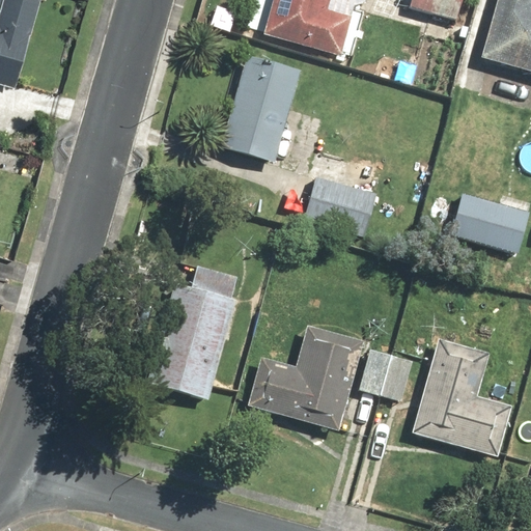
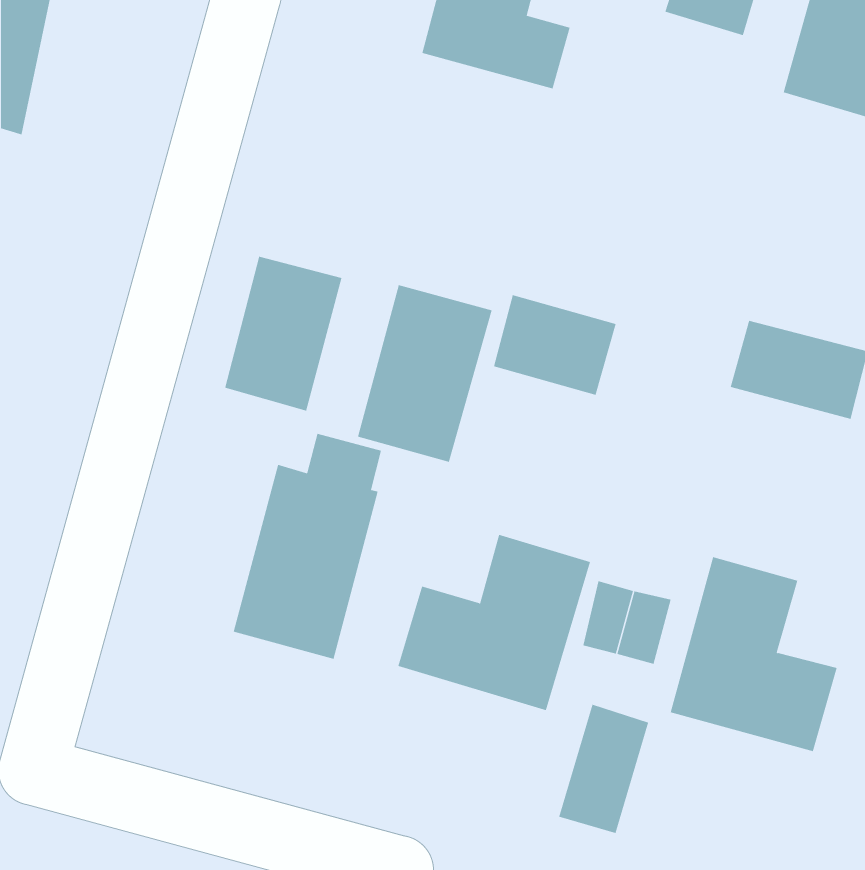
building: [221,53,303,161] -> [357,284,492,463]
building: none -> [224,256,342,411]
building: none -> [558,704,649,834]

